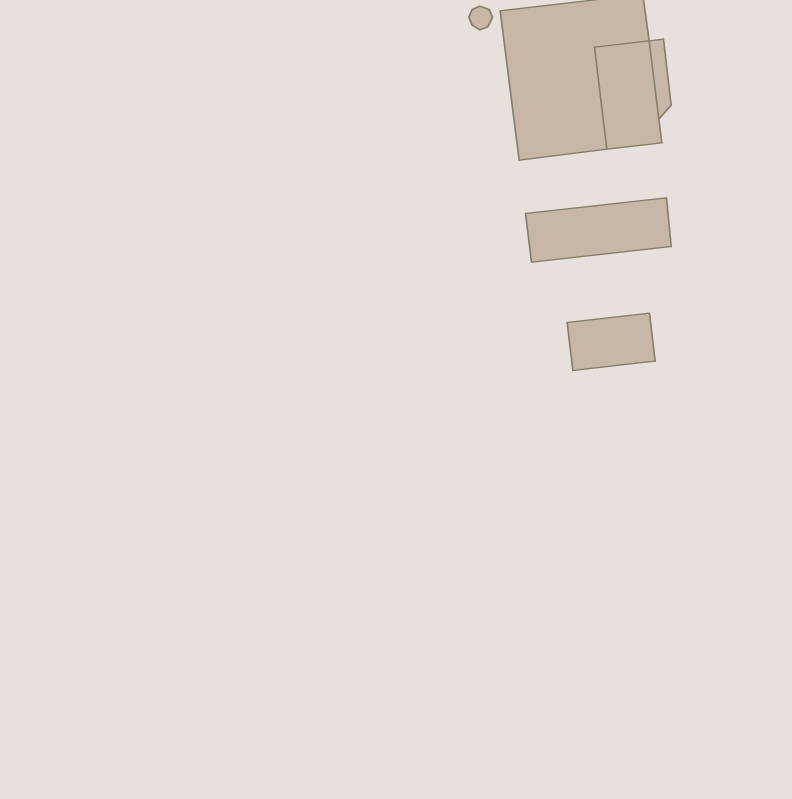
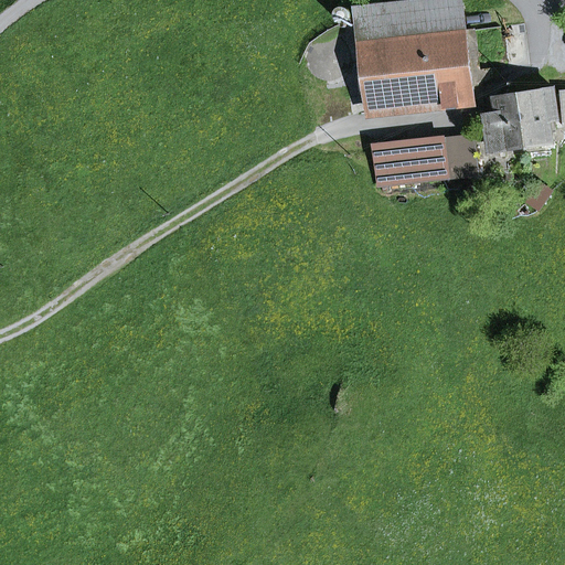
building: none -> [481,88,552,149]
building: [567,313,655,370] -> none

